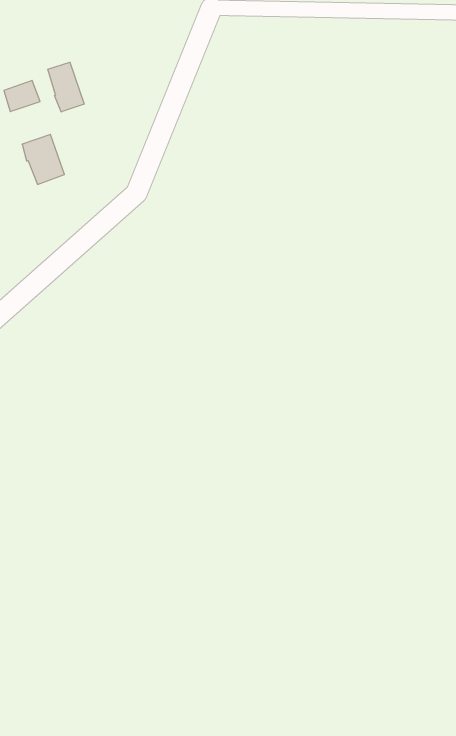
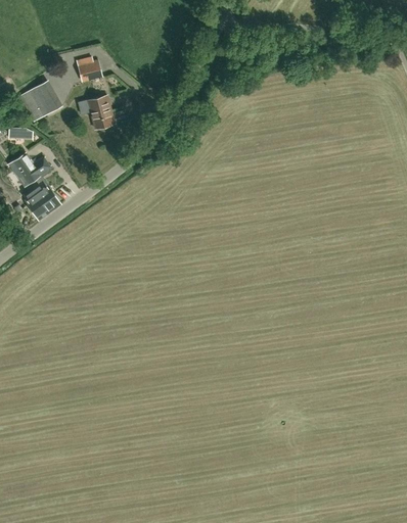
building: [48,62,84,112] -> none

